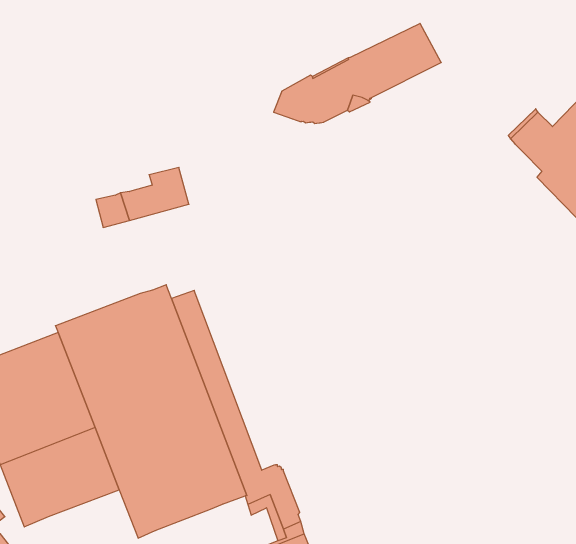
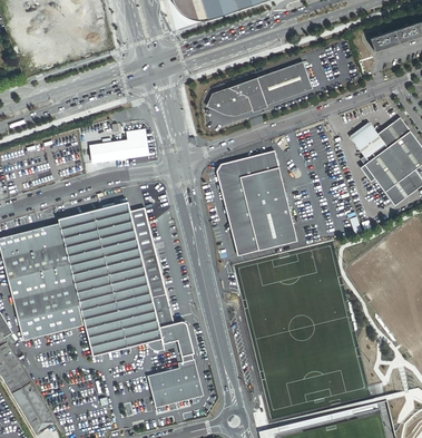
building: none -> [217,150,297,255]

